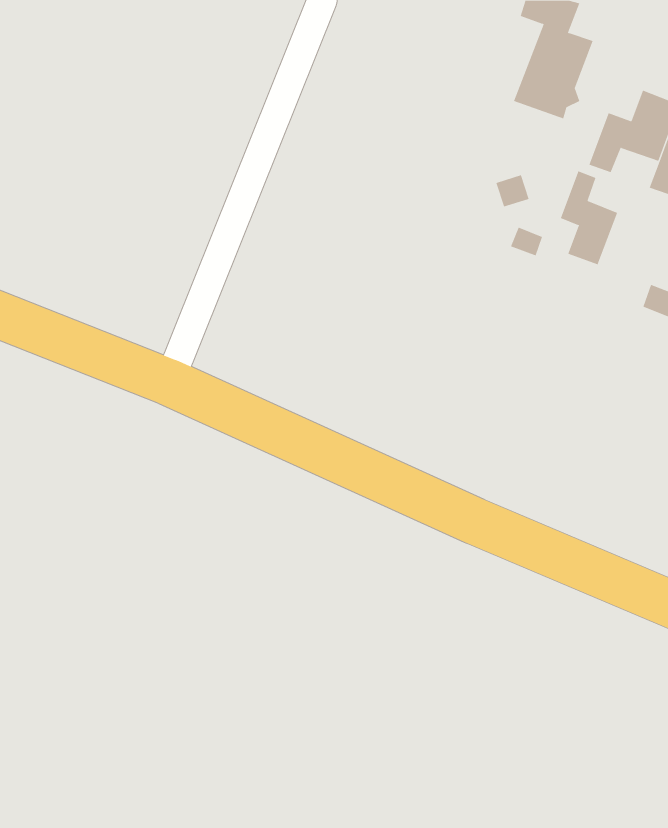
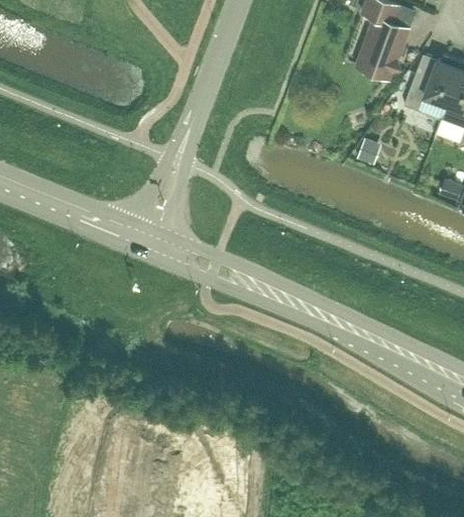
building: [560,170,618,265] -> none

